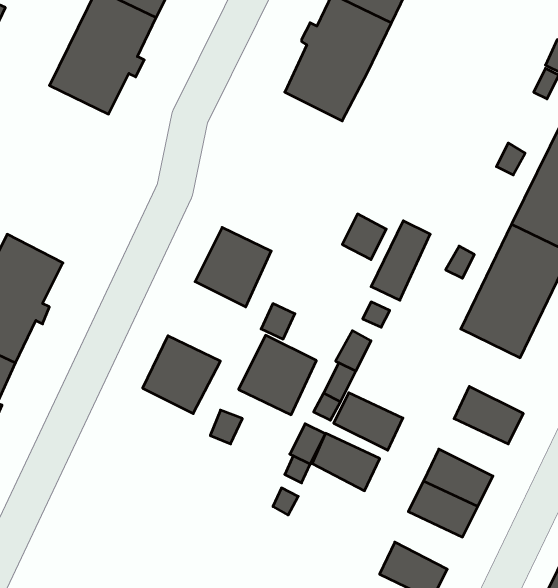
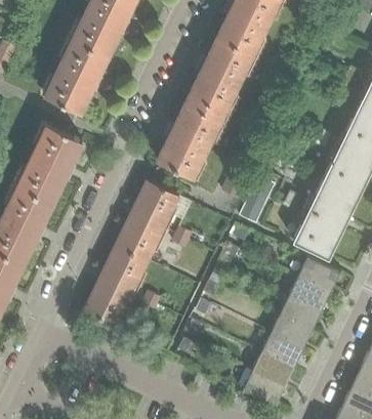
building: none -> [157,97,221,174]
building: none -> [18,122,83,201]
building: [239,335,316,415] -> [116,212,163,260]
building: none -> [298,256,340,292]
building: none -> [84,277,131,326]
building: [334,393,403,450] -> [280,295,322,330]
building: [312,433,380,491] -> [253,351,294,386]

